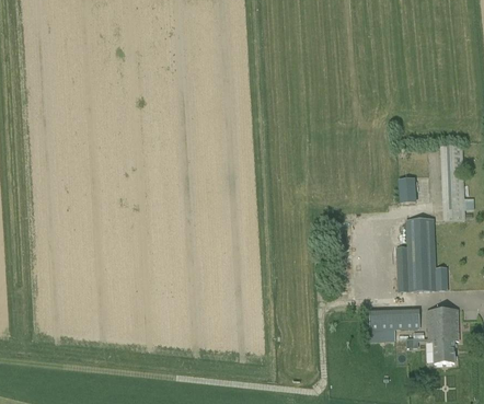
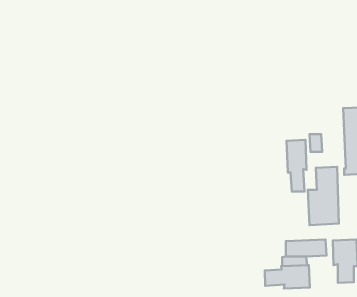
building: none -> [286,140,307,191]
building: none -> [265,265,310,289]

